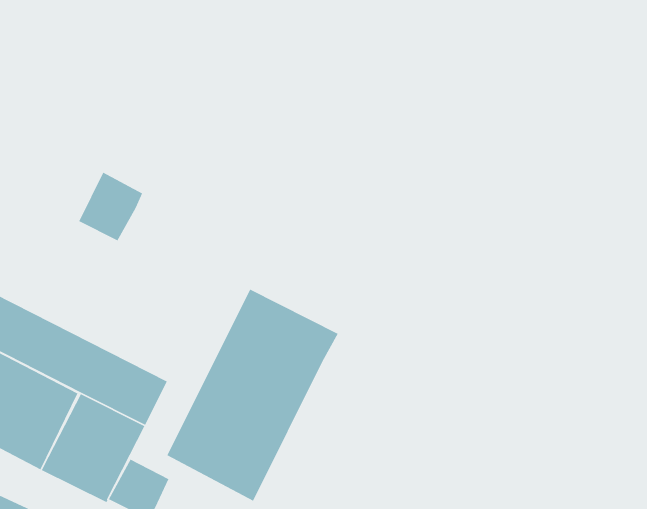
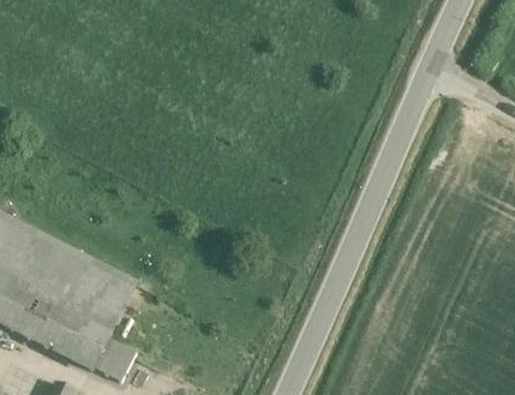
building: [78,172,143,242] -> none
building: [166,288,339,502] -> none

